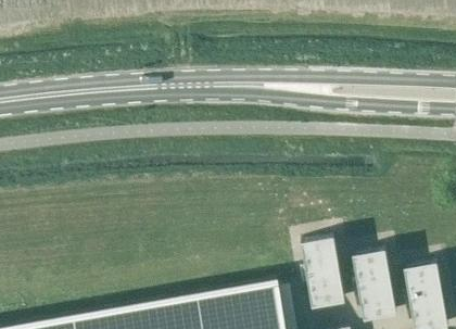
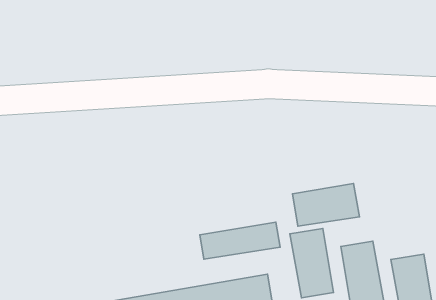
building: none -> [292,184,359,226]
building: none -> [200,222,280,259]

